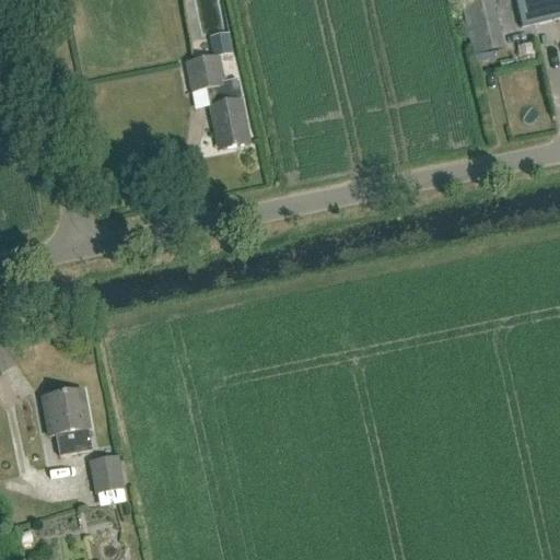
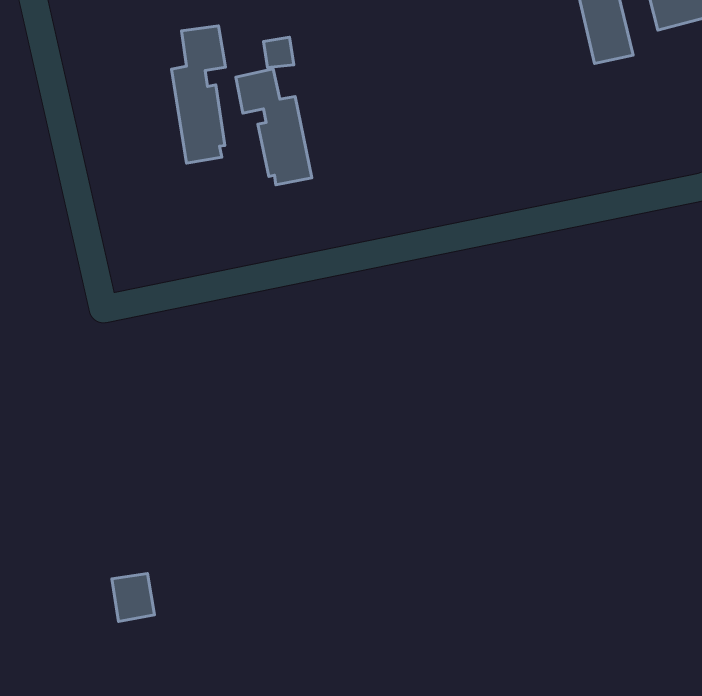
building: none -> [172,26,225,163]
building: [42,388,92,454] -> none

